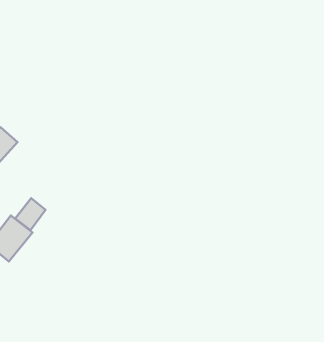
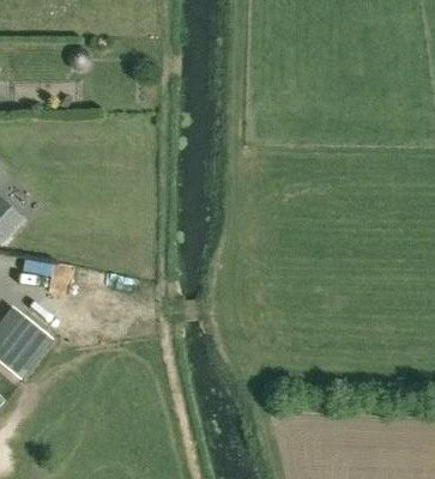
building: [15,198,46,230] -> none

